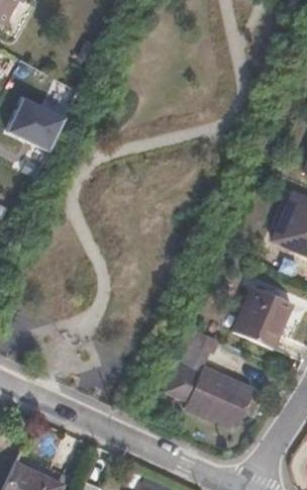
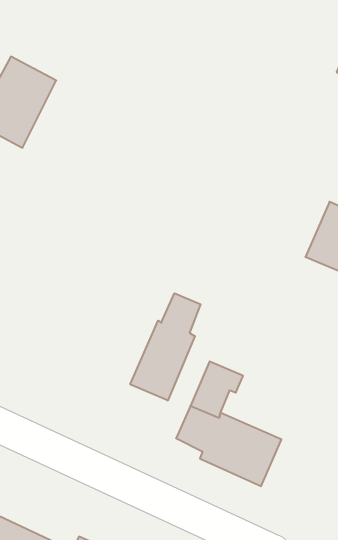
building: none -> [130,293,201,401]
building: [232,288,294,351] -> none

